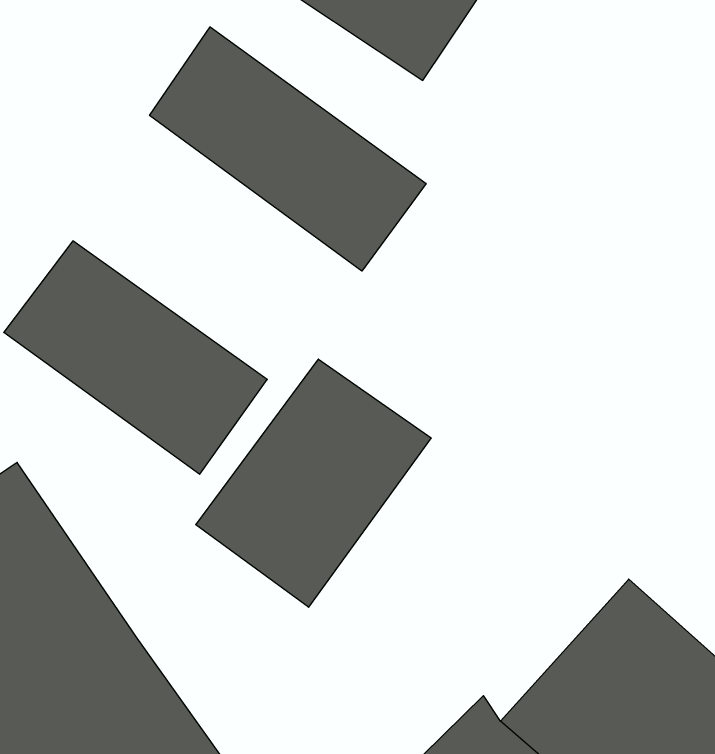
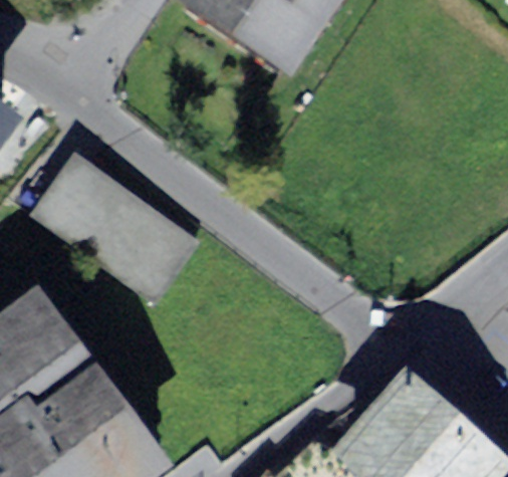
building: [150,27,426,271] -> none
building: [196,359,431,607] -> none

